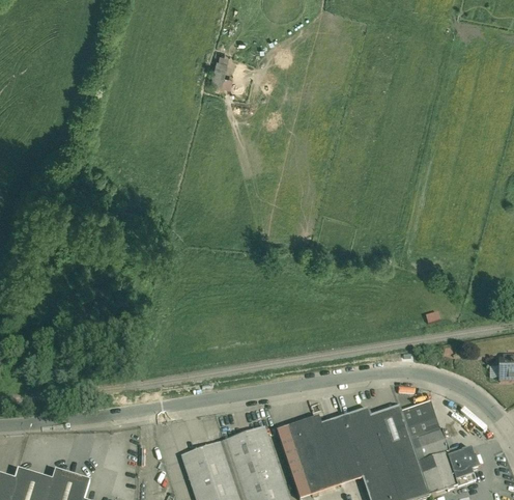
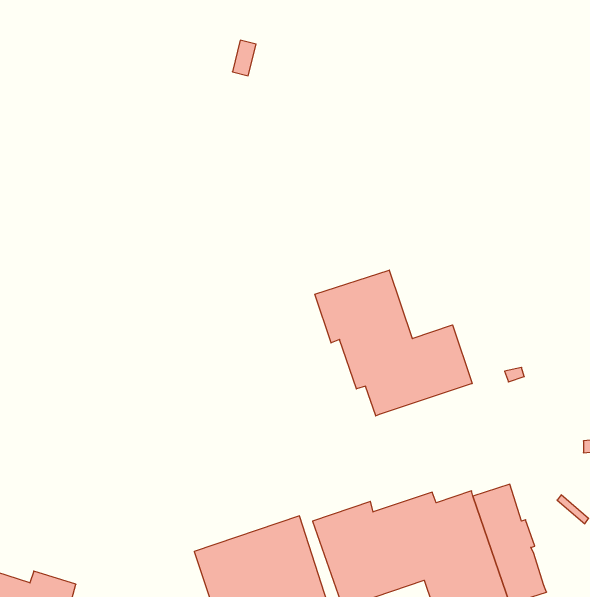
building: none -> [315,270,472,416]
building: [449,446,482,481] -> none

